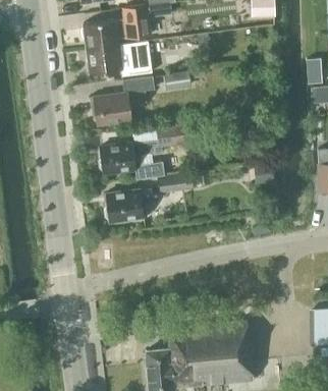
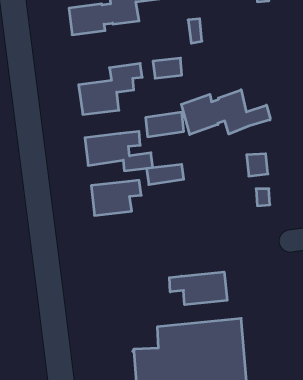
building: [87,42,152,76] -> none
building: none -> [181,90,270,135]
building: none -> [169,272,227,305]

